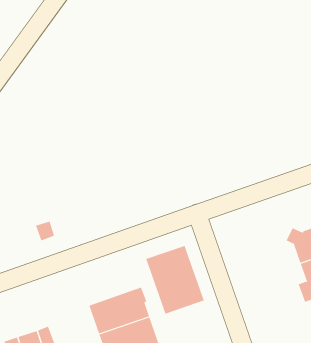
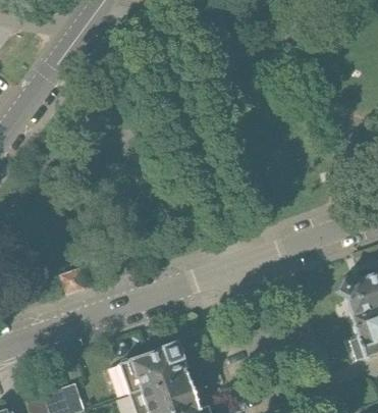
building: [146,245,204,314] -> none

